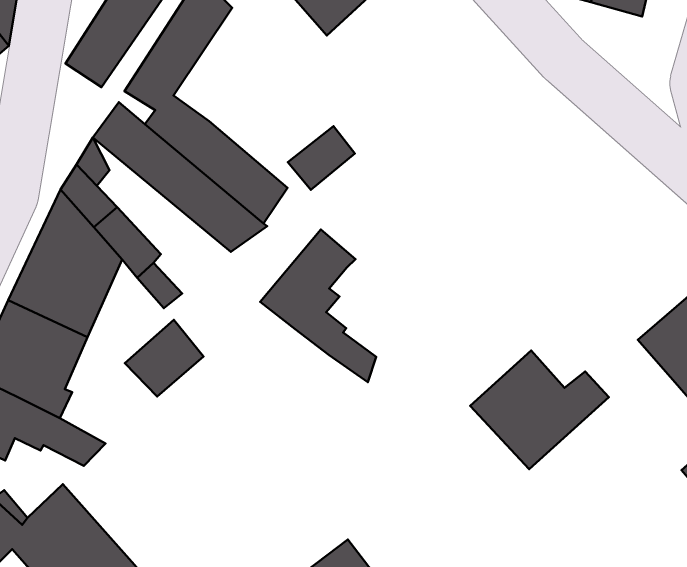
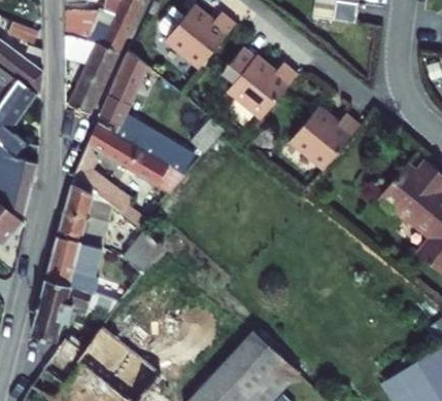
building: none -> [222,52,301,120]
building: [260,230,376,382] -> none
building: [470,350,609,469] -> [293,106,364,168]

